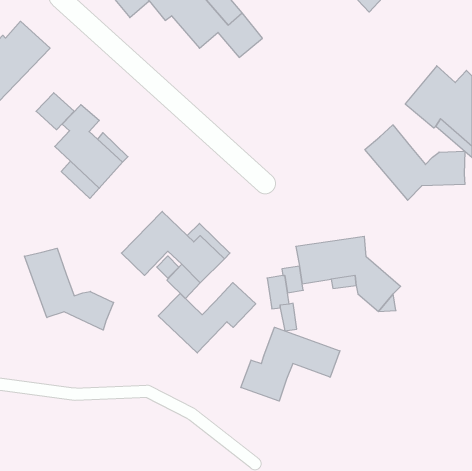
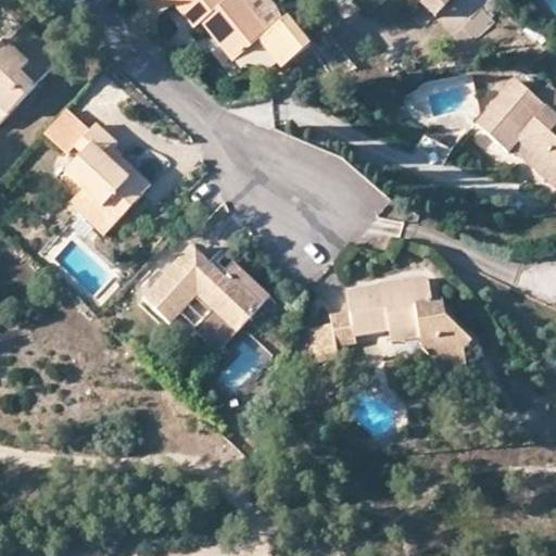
building: [365,125,465,200] -> none
building: [24,248,114,330] -> none
building: [158,283,256,353] -> none
building: [241,327,340,401] -> none

